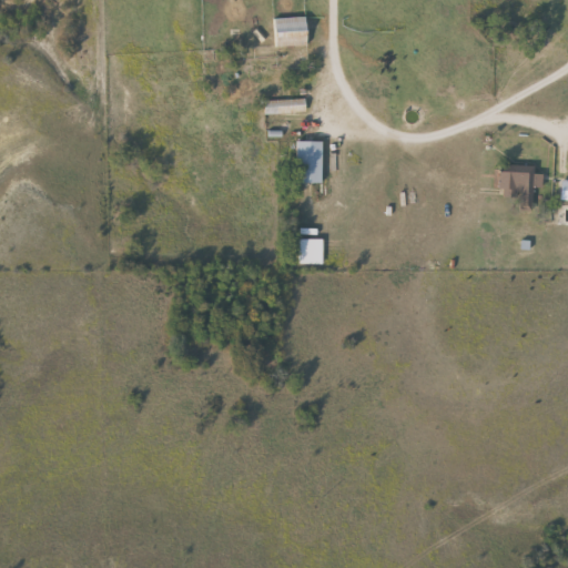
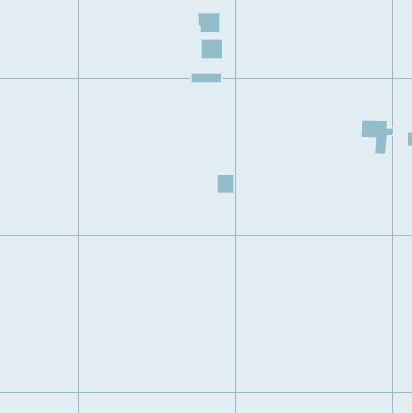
building: none -> [201,39,222,59]
building: [296,141,322,182] -> none

